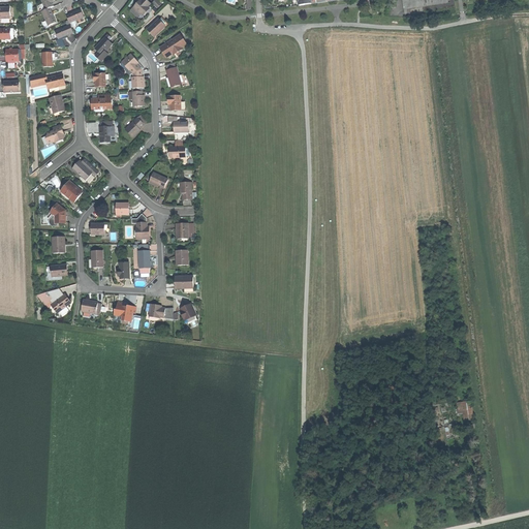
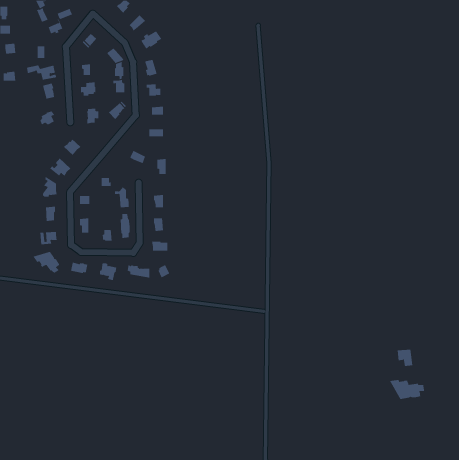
building: none -> [389,379,425,400]

